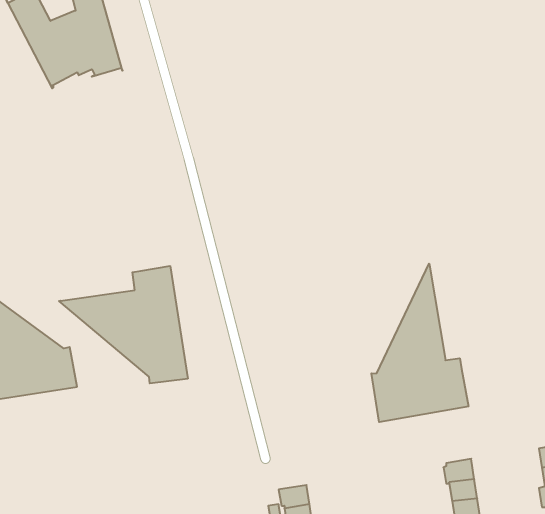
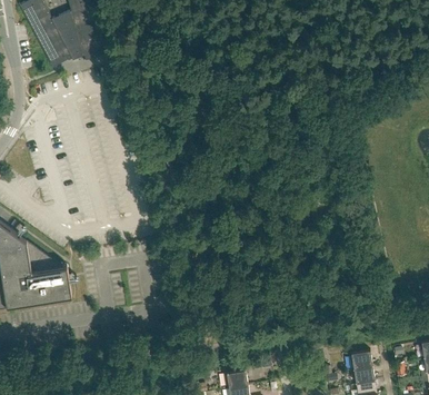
building: [371,264,468,422] -> none
building: [59,266,188,383] -> none

